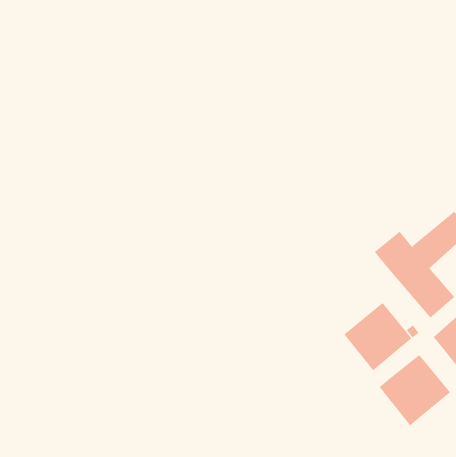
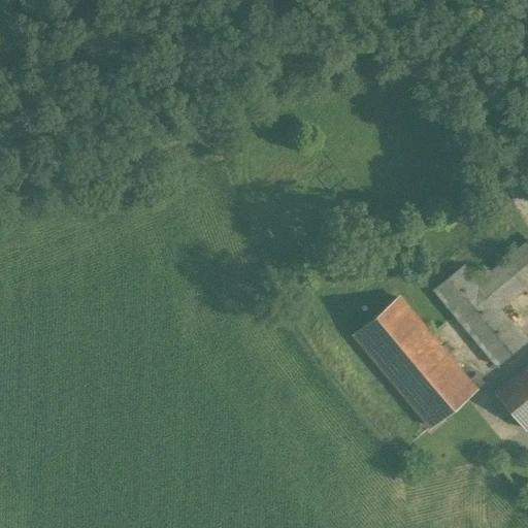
building: none -> [356,298,442,386]
building: [379,354,451,426] -> none

